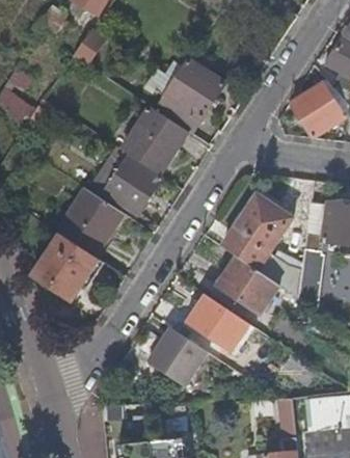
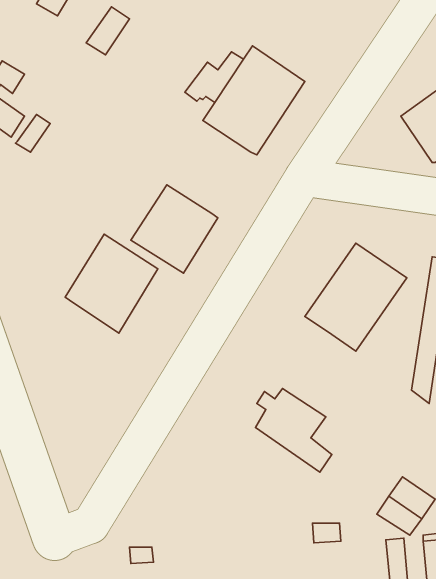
building: [123,107,186,173] -> none
building: [29,234,99,303] -> none
building: [219,255,280,313] -> none
building: [149,327,209,386] -> none

